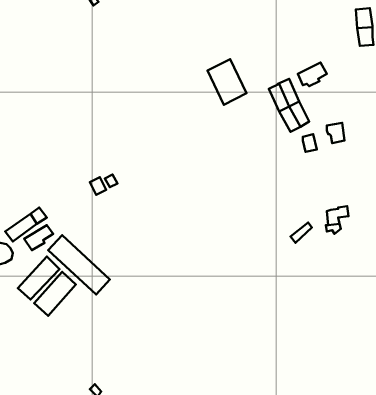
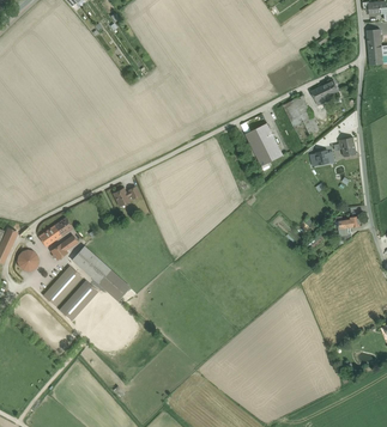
building: [208,59,247,105] -> [244,123,282,166]

